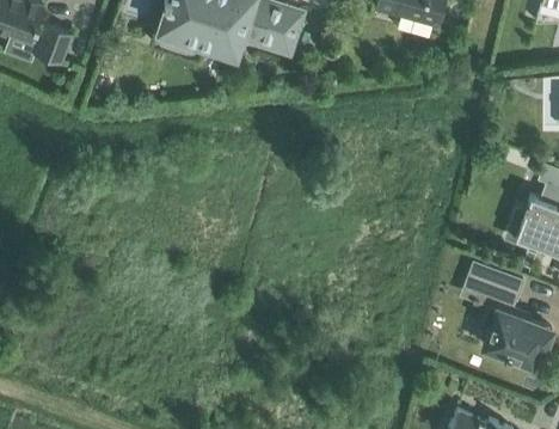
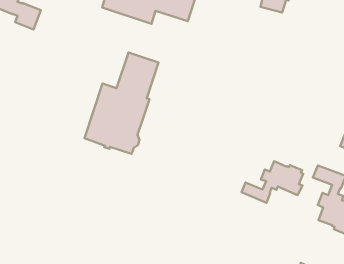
building: none -> [84,52,159,154]
building: none -> [242,161,303,203]

